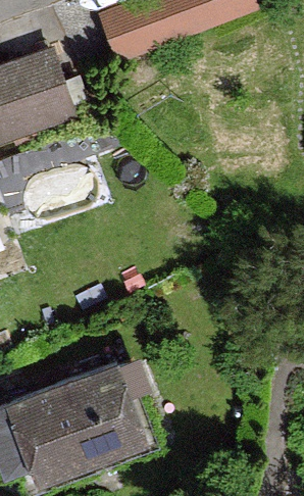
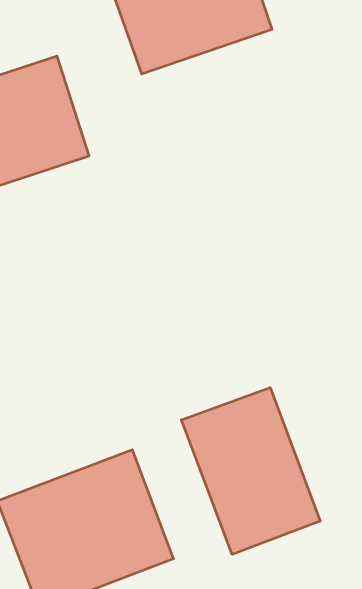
building: none -> [181,388,320,554]

